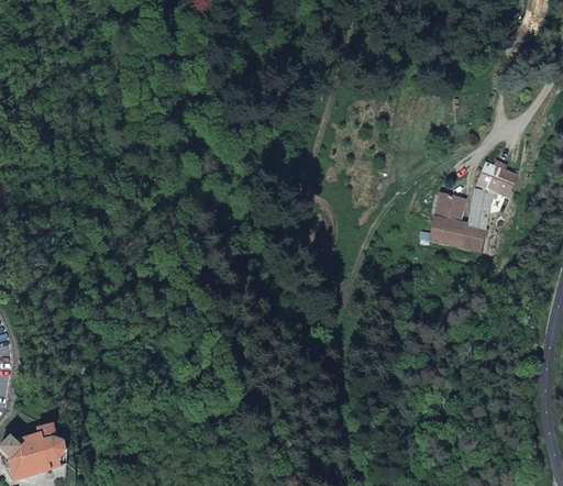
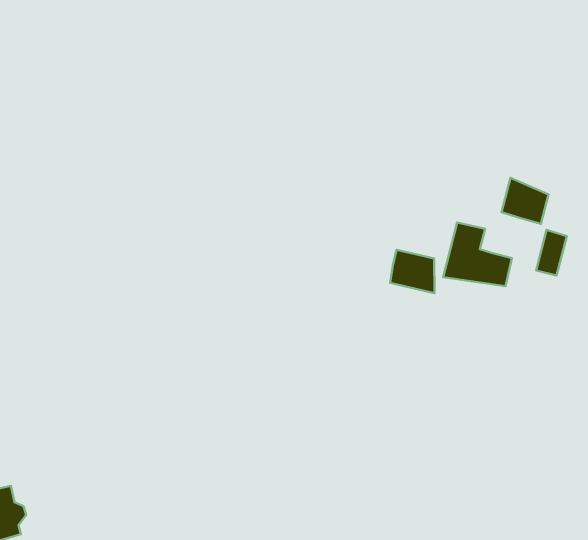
building: [467,188,494,228] -> [536,230,567,276]
building: none -> [390,250,434,293]

